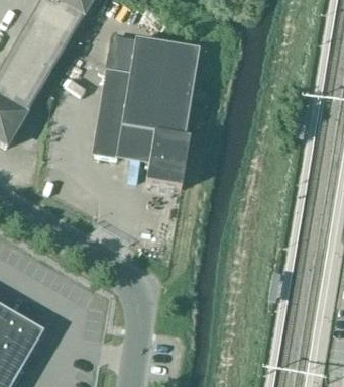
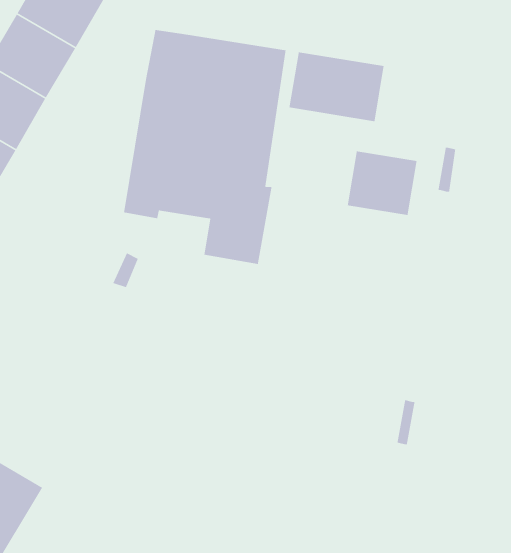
building: none -> [289,51,385,122]
building: none -> [347,150,417,216]

